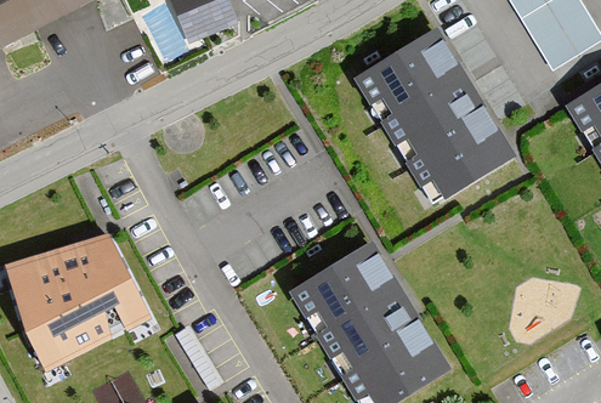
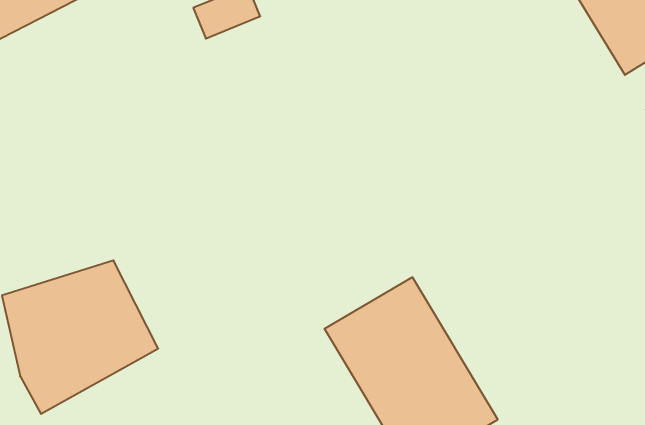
building: [358,33,509,203] -> none

